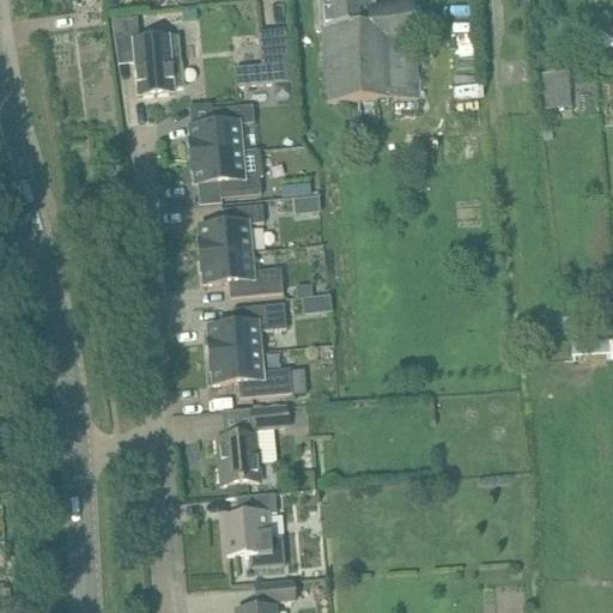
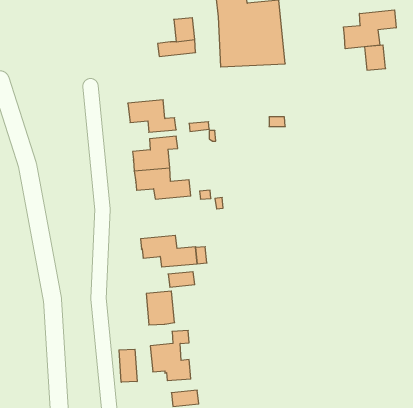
building: [111,14,183,93] -> none
building: none -> [344,10,396,49]
building: [188,103,254,153] -> none
building: [206,302,286,354] -> none
building: none -> [119,349,137,382]

